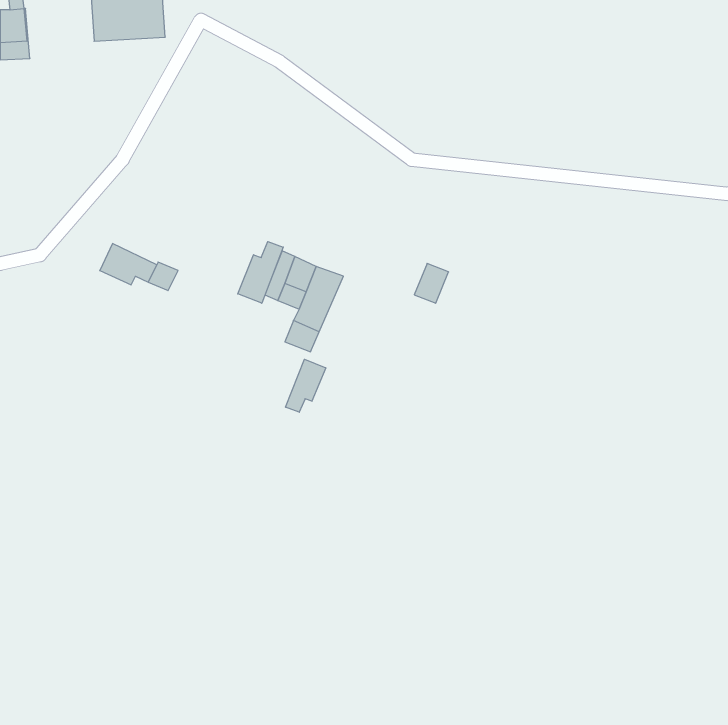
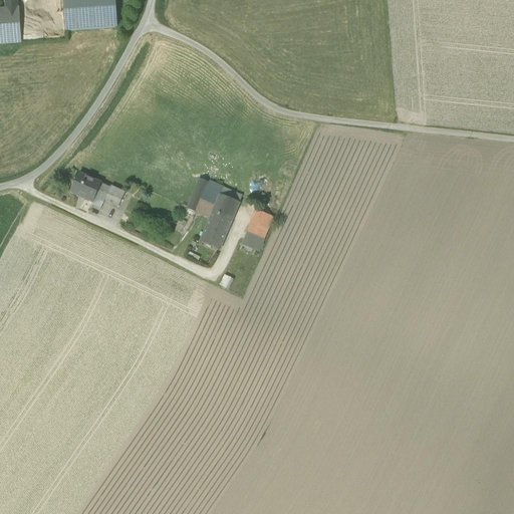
building: [238,242,283,303] -> none
building: [414,263,449,303] -> [248,210,272,238]
building: [286,359,326,412] -> none

